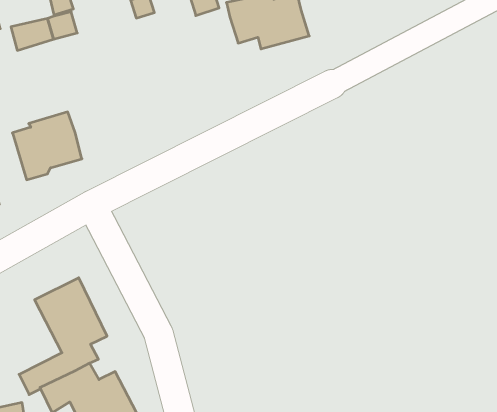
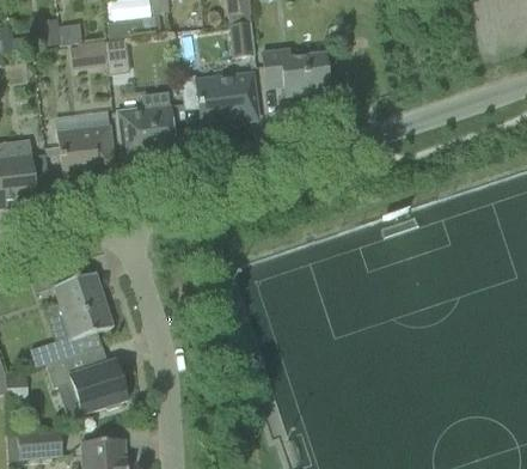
building: none -> [197,72,259,121]
building: none -> [117,90,174,159]

